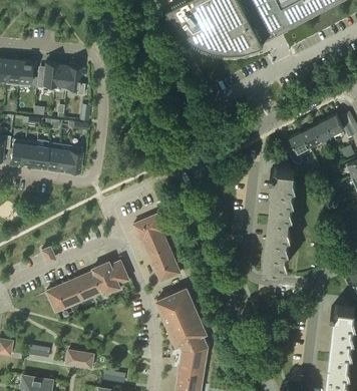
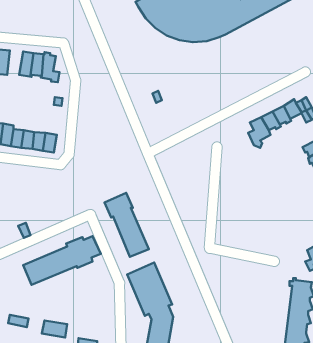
building: [264,167,297,270] -> none

